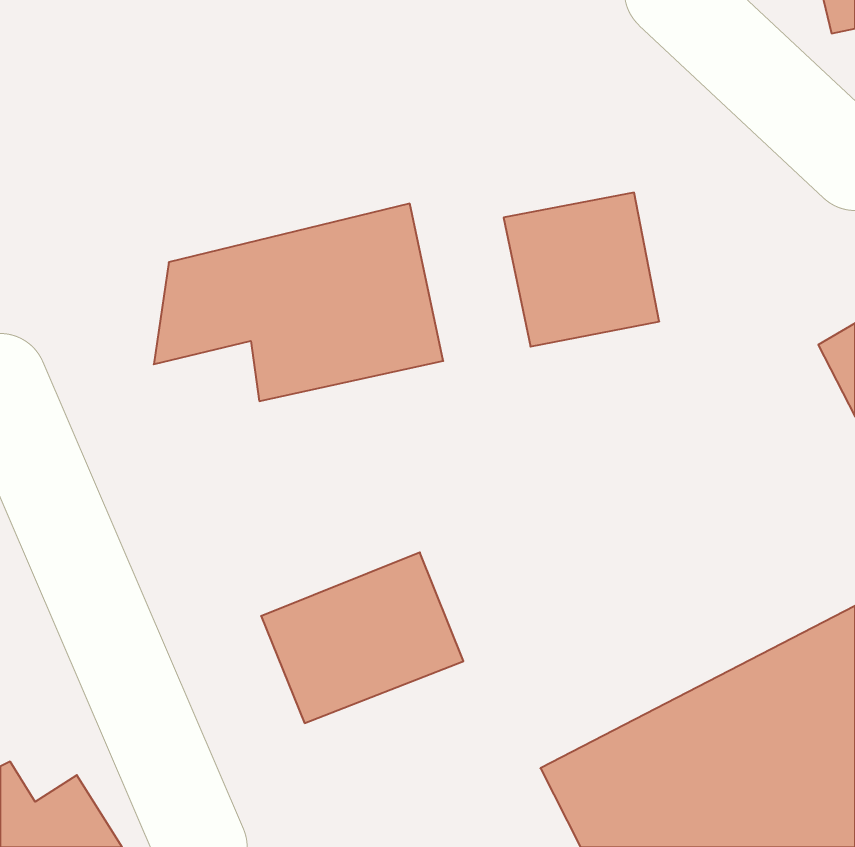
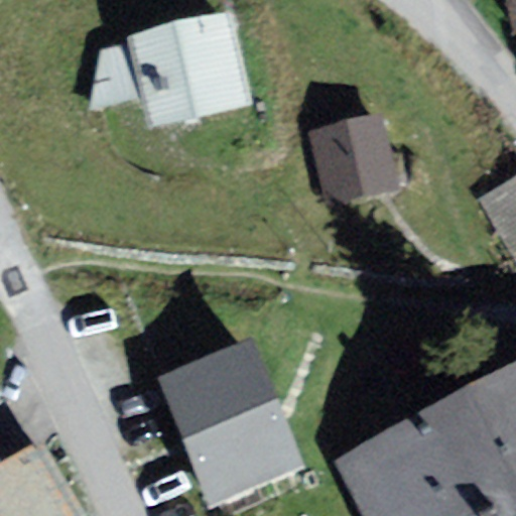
building: [154,204,443,401] -> [81,16,255,135]
building: none -> [183,398,305,501]

